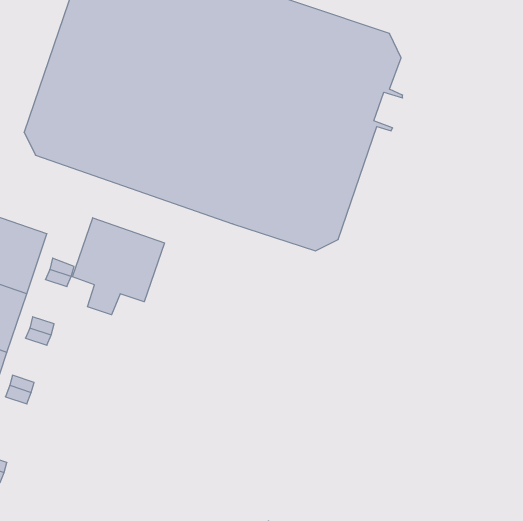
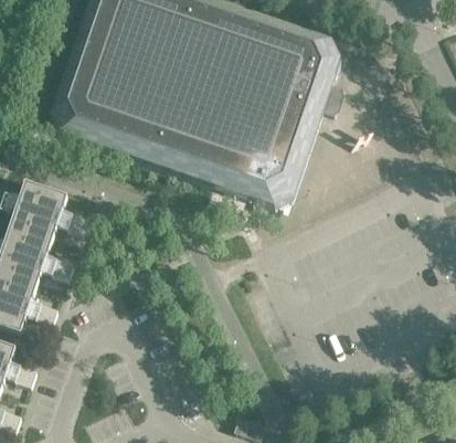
building: [73,218,164,315] -> none

